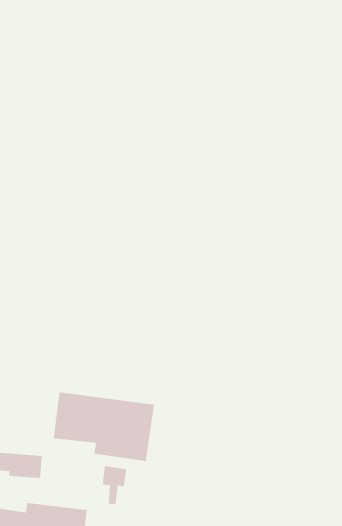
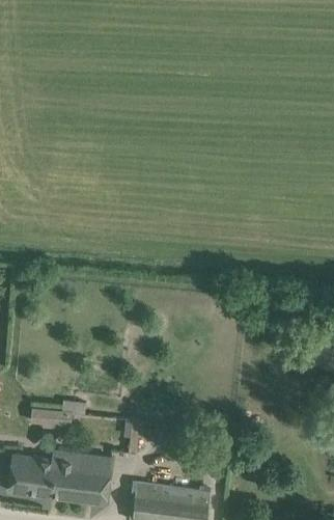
building: [53,392,155,462] -> none

